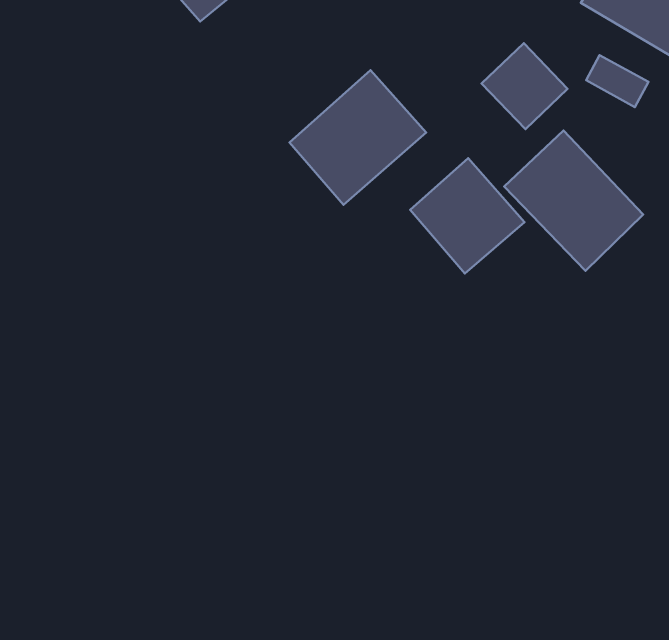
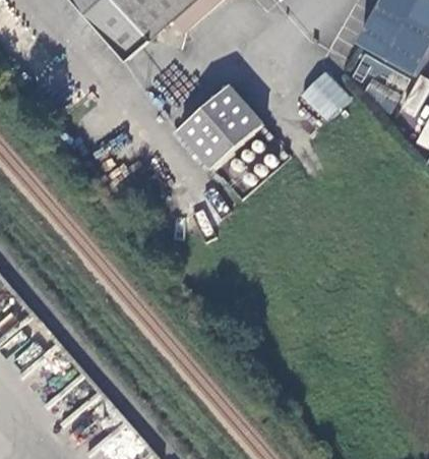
building: [504,130,643,271] -> none
building: [410,158,524,274] -> none

